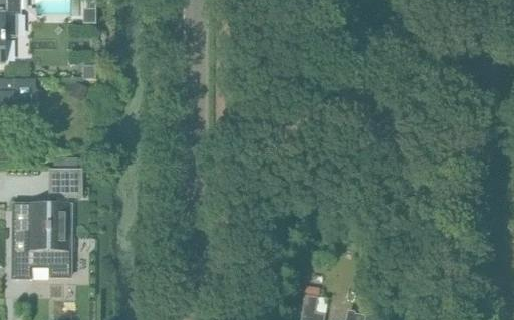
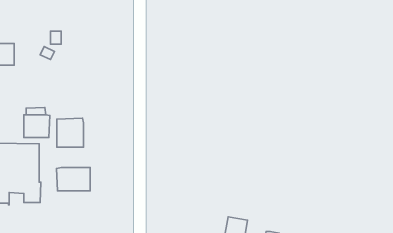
building: none -> [57,118,84,147]
building: none -> [56,168,90,191]

